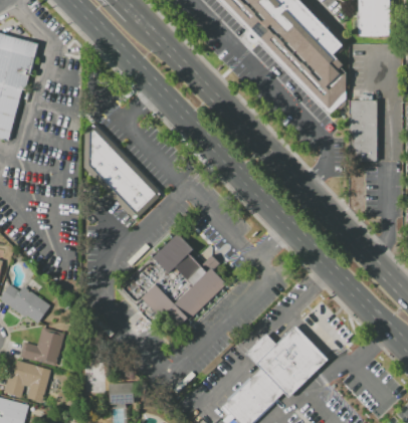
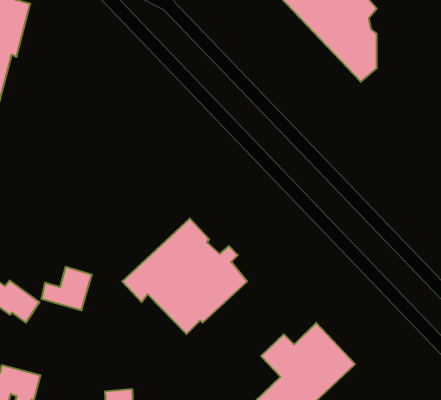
building: [348,100,377,160] -> none
building: [86,126,163,220] -> none
building: [20,328,64,366] -> [41,267,92,310]

